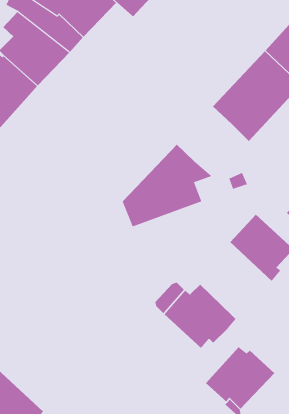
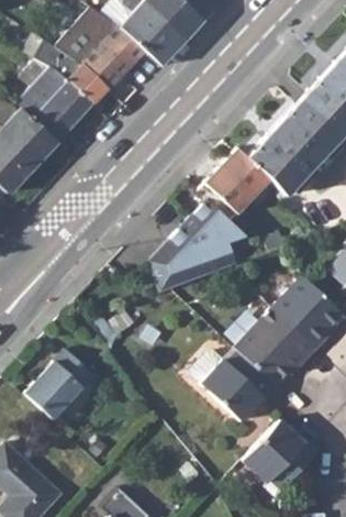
building: none -> [197,151,268,220]
building: none -> [228,308,312,387]
building: none -> [29,346,98,416]

